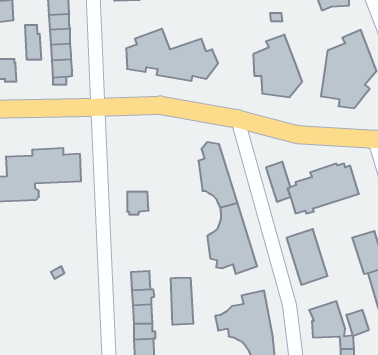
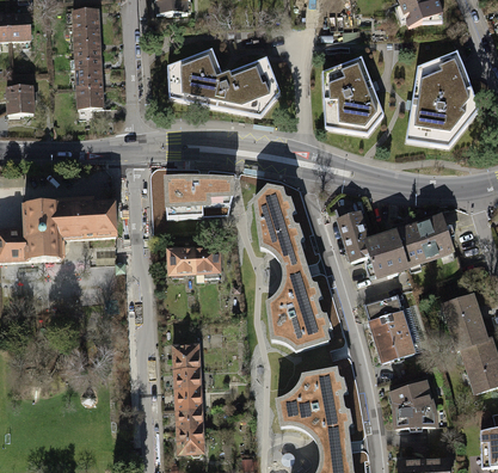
building: [25,25,41,60] -> none
building: none -> [166,177,233,215]
building: none -> [195,246,219,280]
building: [171,278,193,325] -> none
building: [346,310,369,336] -> none

